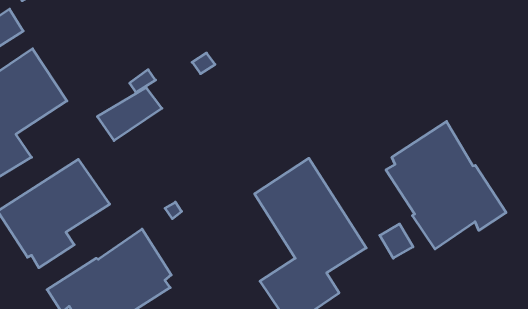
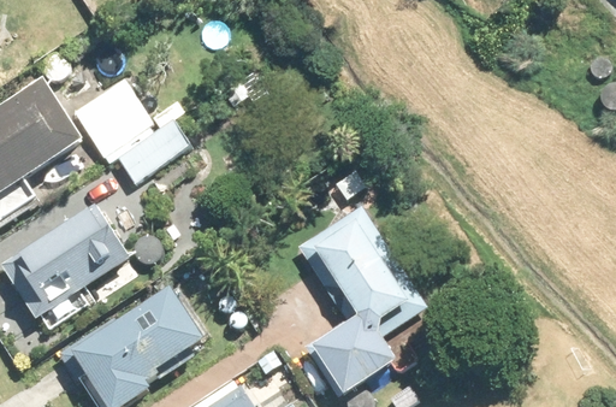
building: none -> [73,77,155,158]
building: [386,121,506,249] -> none

